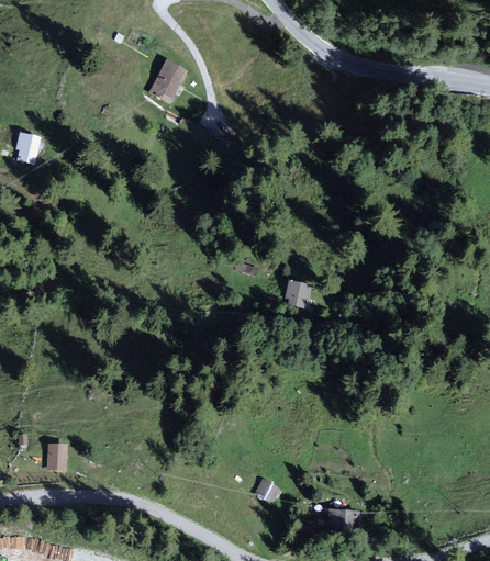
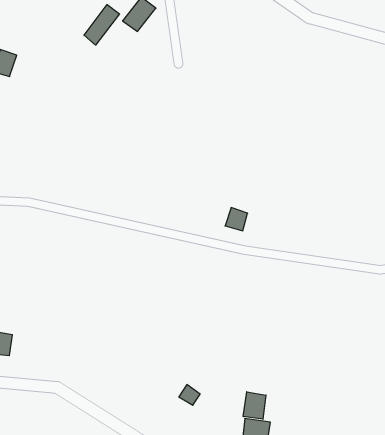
building: none -> [84,5,120,45]
building: none -> [243,392,266,419]

